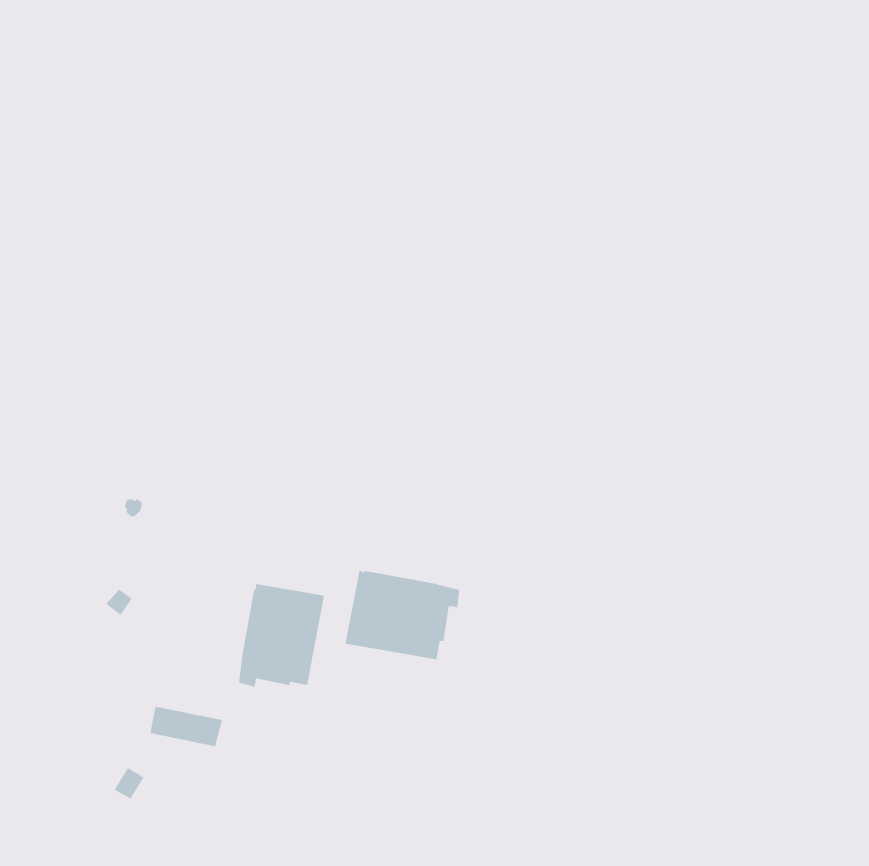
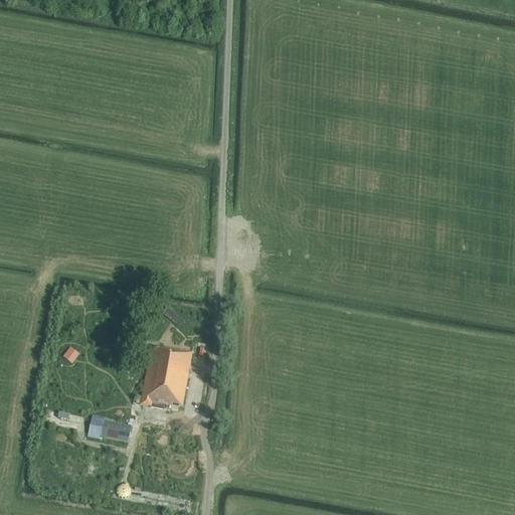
building: [345,570,460,660] -> none

